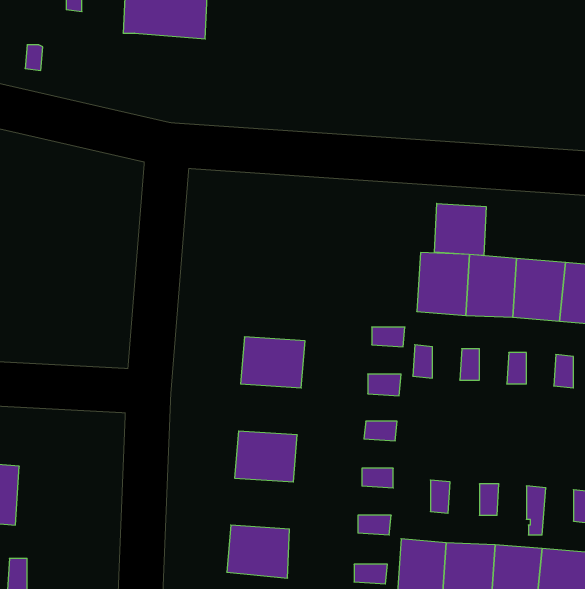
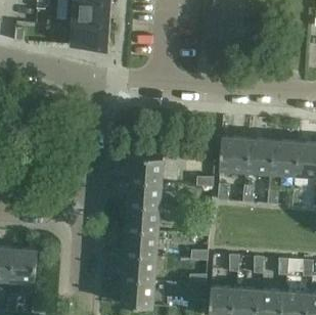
building: none -> [71,24,109,50]
building: [434,203,486,256] -> none
building: none -> [130,156,163,184]
building: none -> [127,207,160,233]
building: none -> [10,250,37,282]
building: none -> [123,256,155,282]

